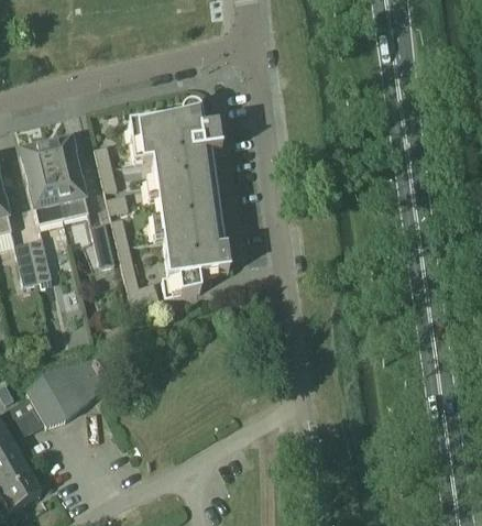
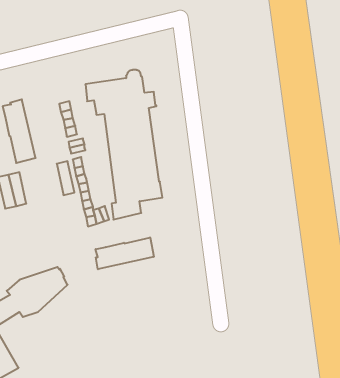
building: [45,139,88,218] -> none
building: none -> [96,237,154,269]

